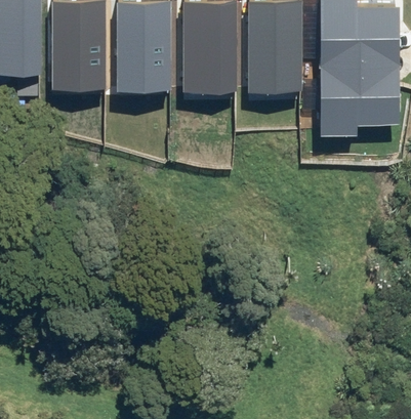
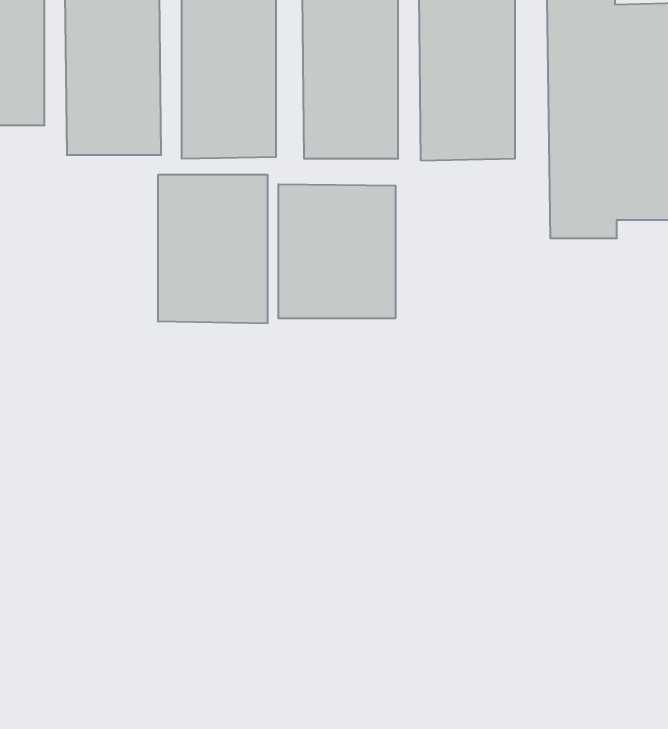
building: none -> [158,175,267,323]
building: none -> [278,184,395,318]

